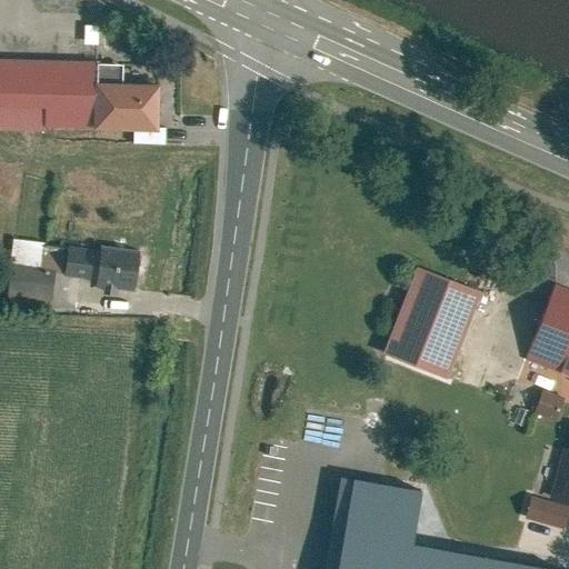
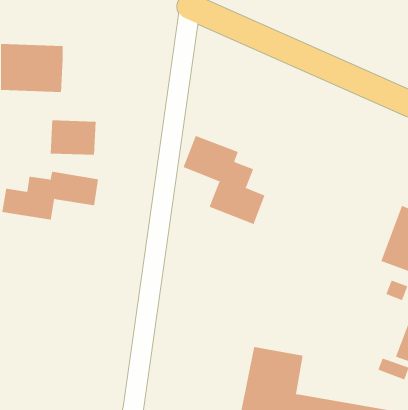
building: [90,82,154,131] -> [50,120,96,155]
building: none -> [183,135,265,225]
building: [378,267,483,380] -> none

